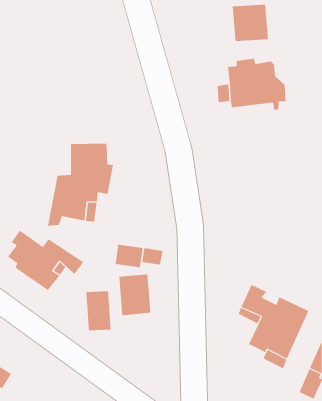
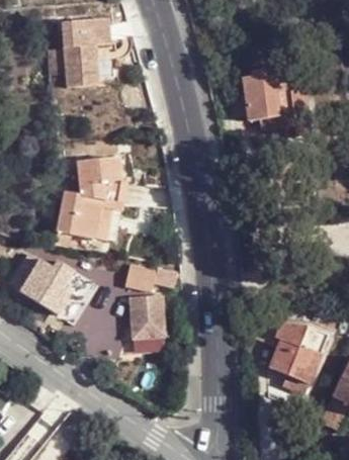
building: [232,4,269,42] -> none
building: none -> [49,17,118,86]
building: [86,290,111,331] -> none

